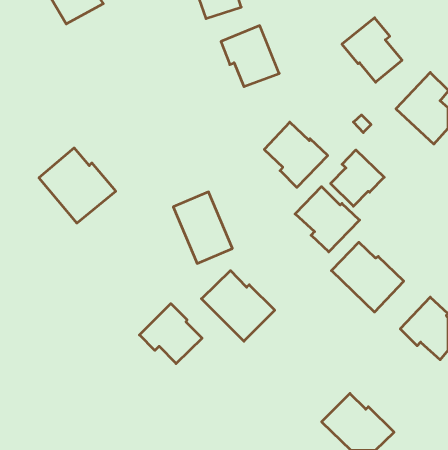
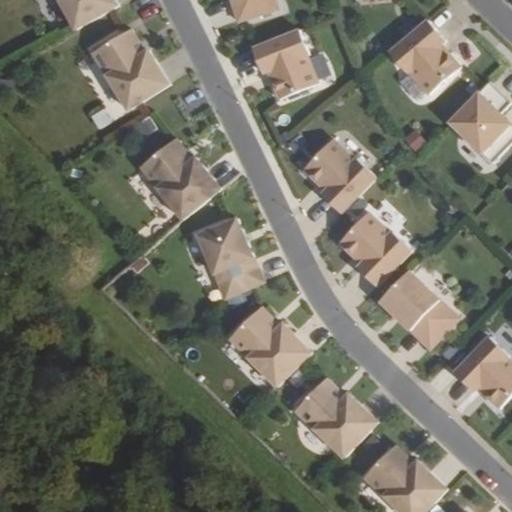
building: none -> [93,28,170,109]
building: [39,148,116,223] -> [135,136,222,221]
building: [331,150,384,206] -> none
building: [139,304,202,364] -> none
building: none -> [294,377,377,457]

